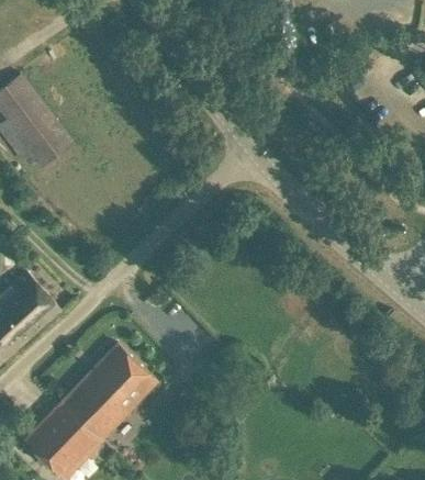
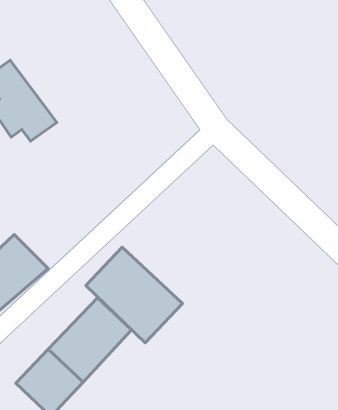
building: none -> [86,247,183,343]

